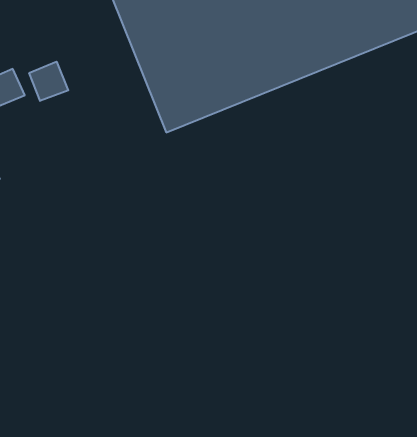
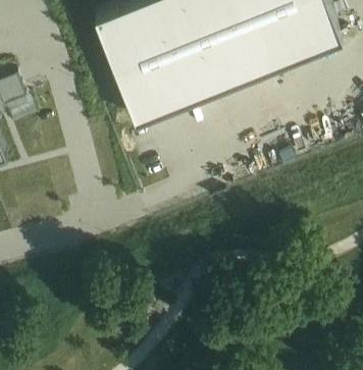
building: [29,62,68,101] -> none

